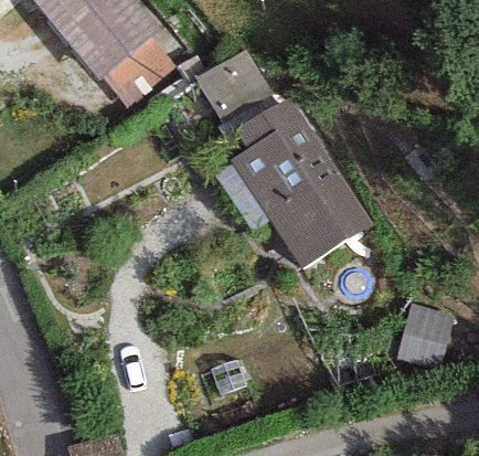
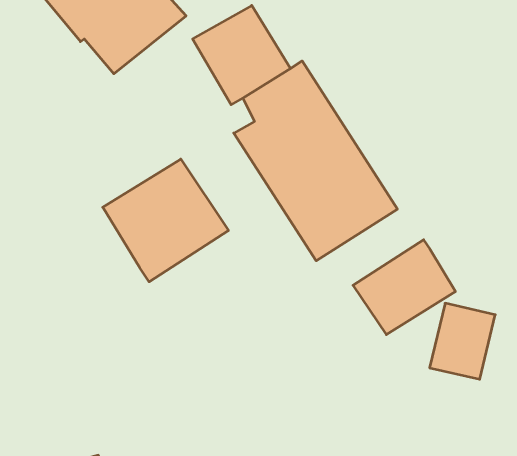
building: none -> [103,159,228,282]
building: none -> [353,240,455,335]

